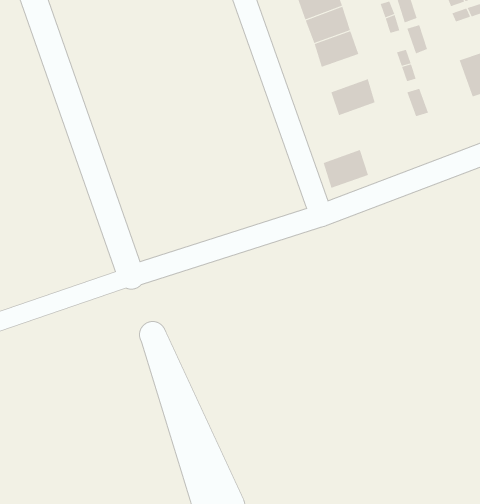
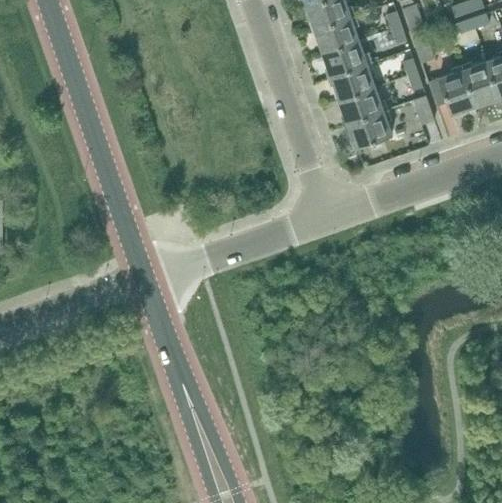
building: none -> [329,63,374,100]
building: none -> [438,69,476,114]
building: [323,149,369,189] -> [346,110,391,148]

